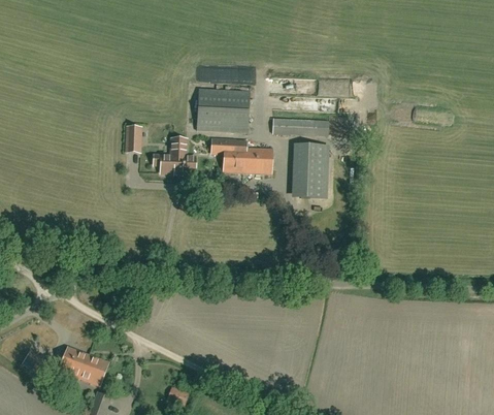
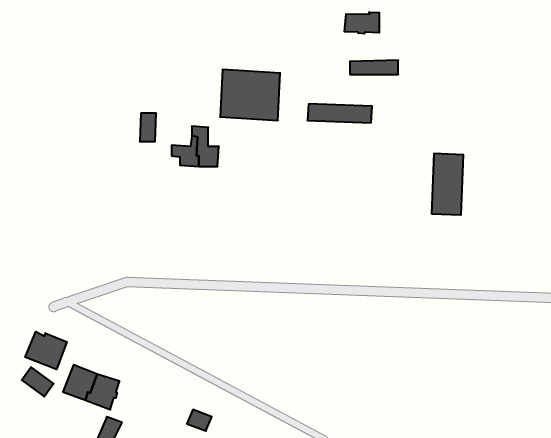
building: none -> [345,12,379,34]
building: [211,139,272,174] -> none
building: [300,145,328,198] -> [432,154,463,215]
building: none -> [25,332,67,369]

